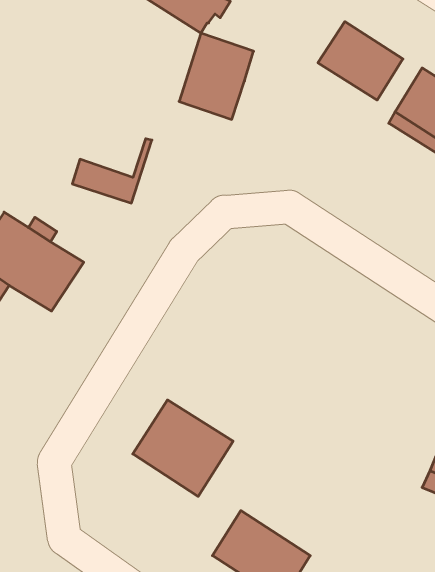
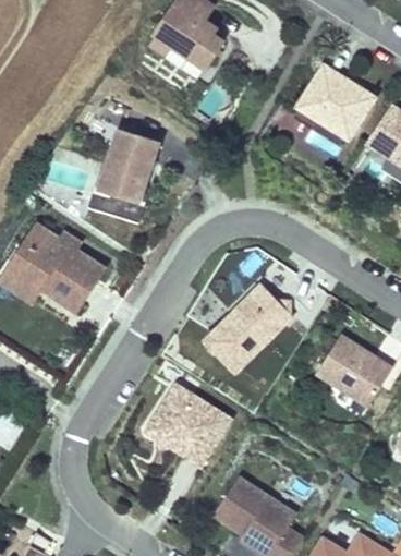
building: [179,33,254,119] -> [98,124,161,197]
building: none -> [202,286,291,374]
building: none -> [315,337,390,408]

